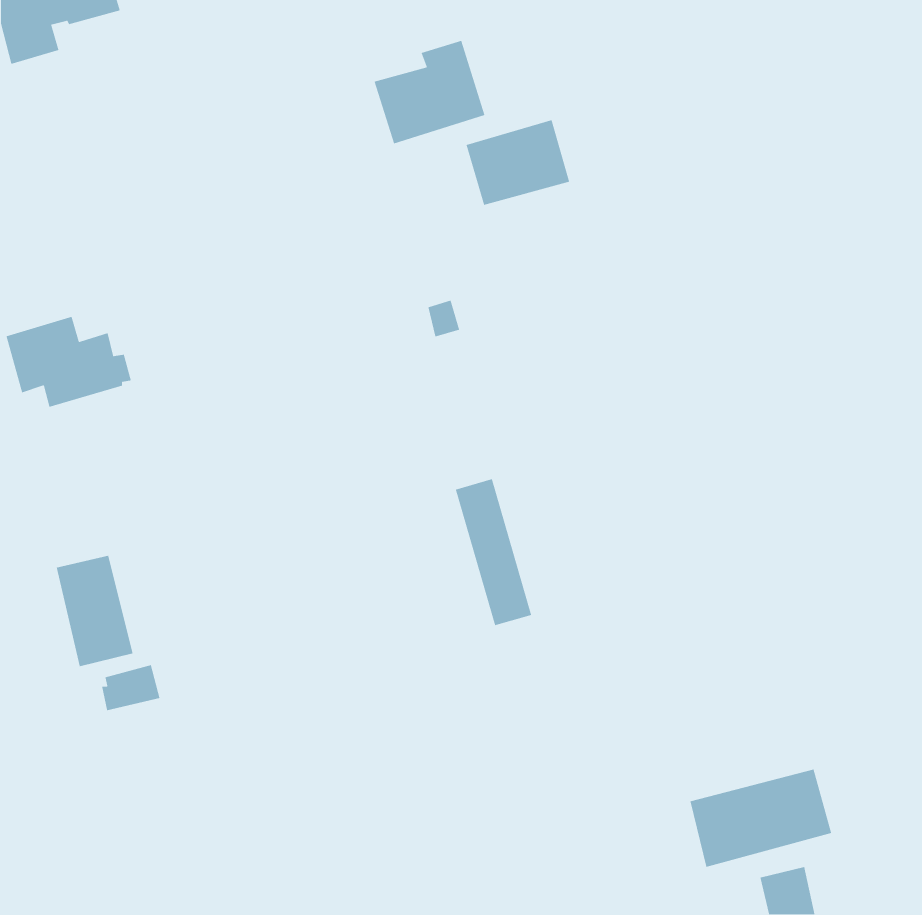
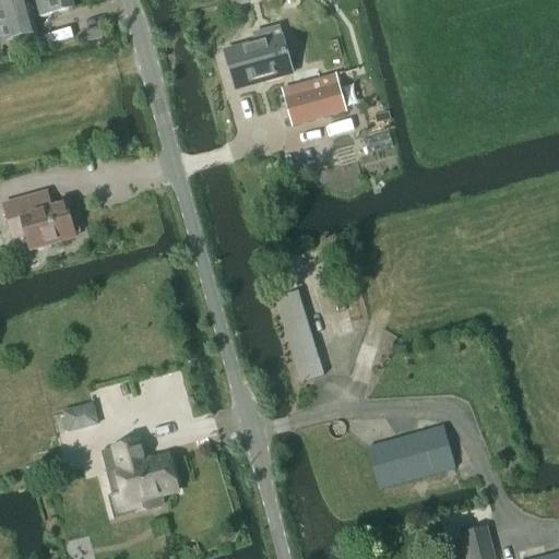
building: [56,555,134,667] -> none
building: none -> [108,439,178,506]
building: [690,768,832,868] -> [368,426,454,486]

